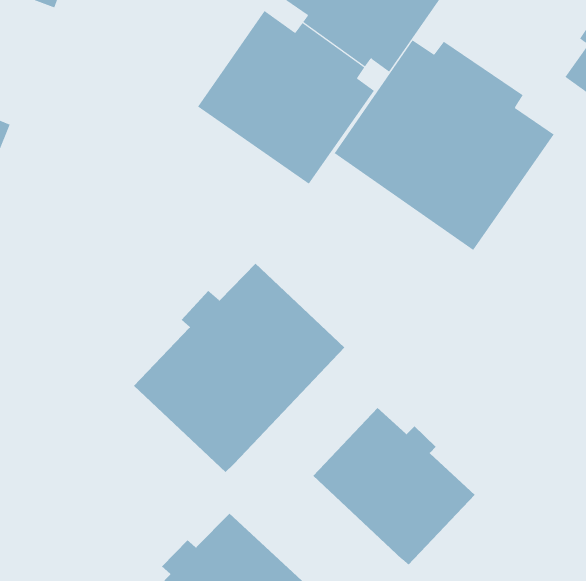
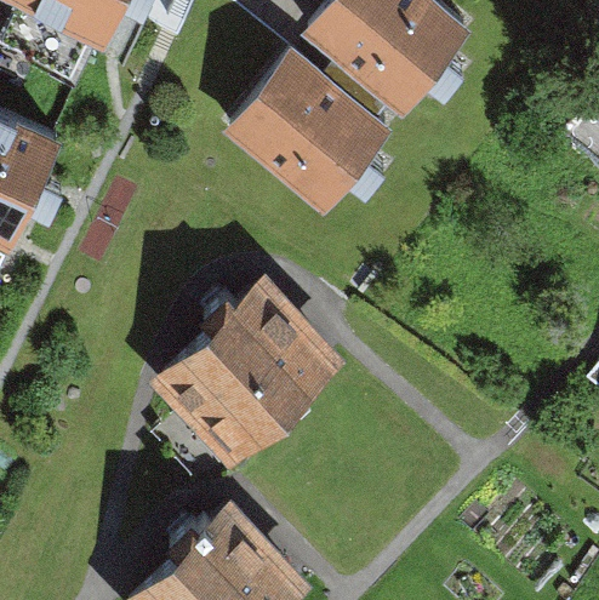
building: [334,39,555,251] -> none
building: [313,407,475,565] -> none

